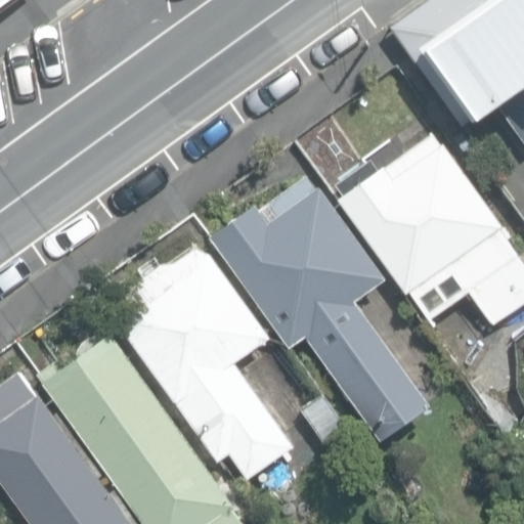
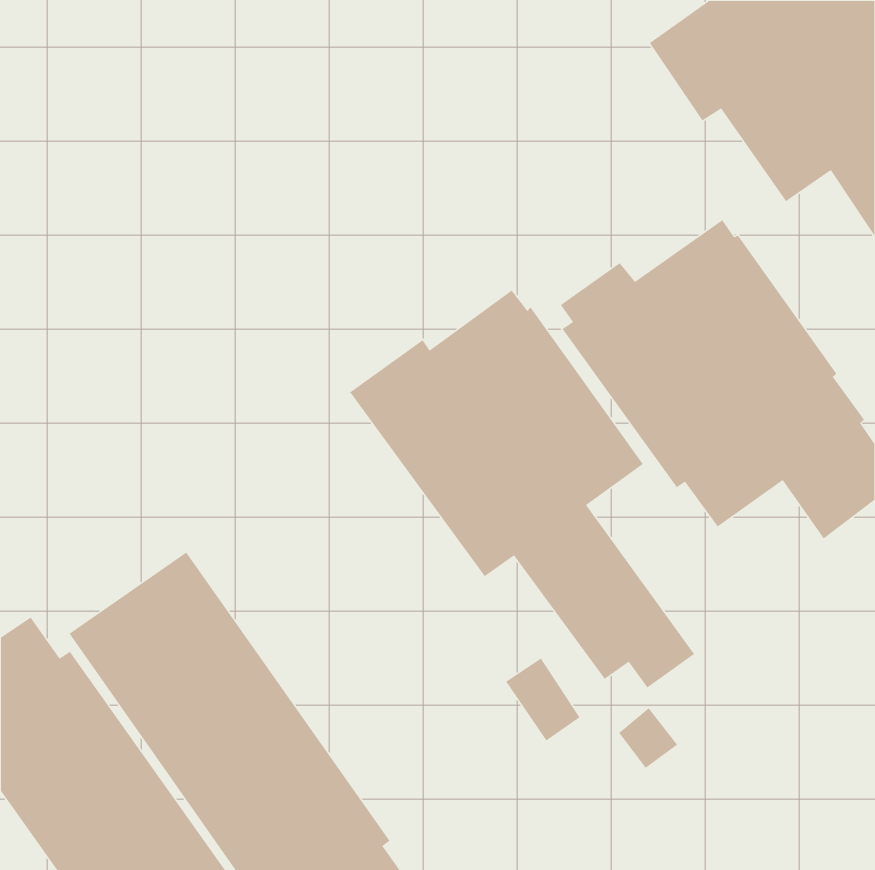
building: [111,249,292,480] -> none

